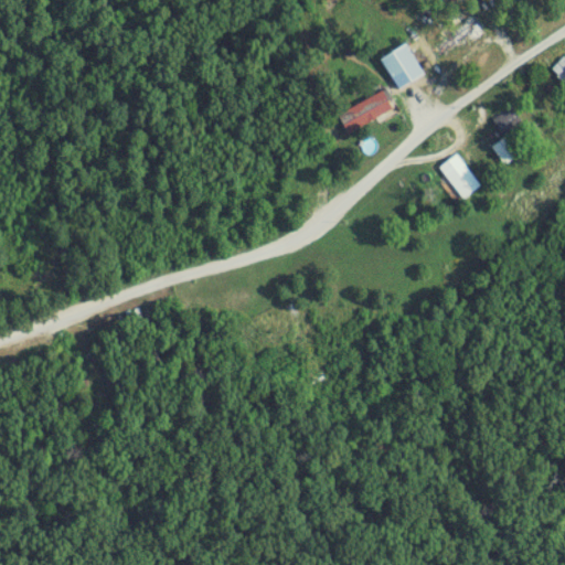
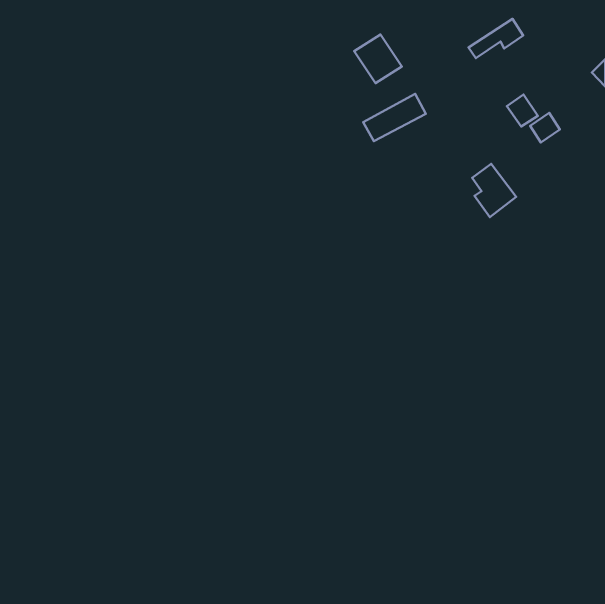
building: [380,42,424,87] -> [354,34,402,83]
building: [491,134,520,163] -> [507,94,538,126]

